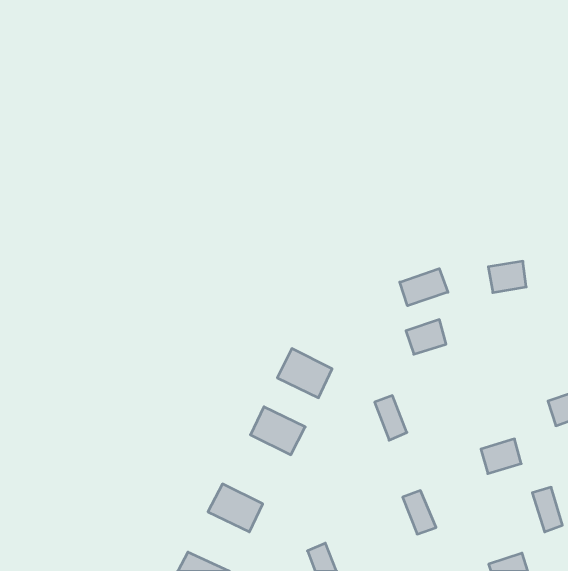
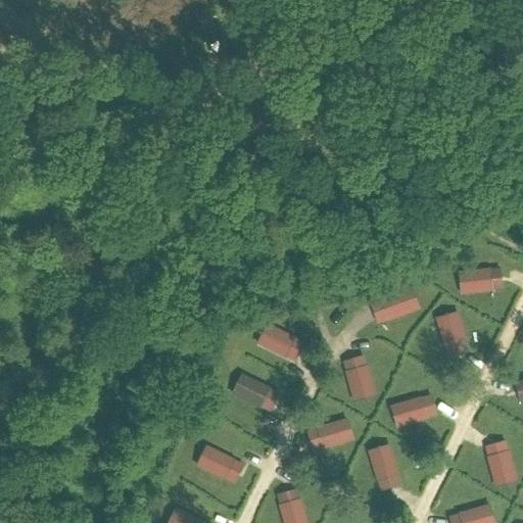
building: [488,261,526,293] -> [464,269,498,297]
building: [400,269,448,306] -> none
building: none -> [434,313,464,353]
building: [481,439,521,474] -> [391,396,428,428]
building: none -> [316,418,353,449]

